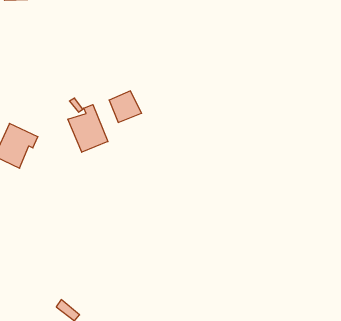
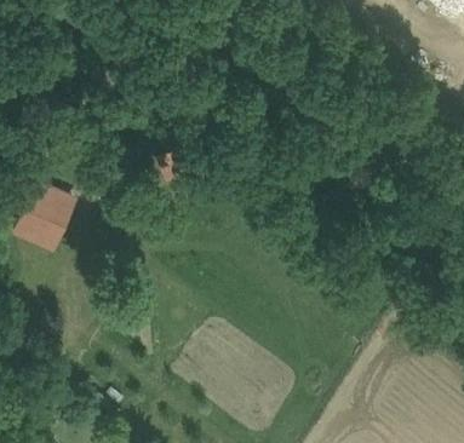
building: [68,105,108,152] -> none

